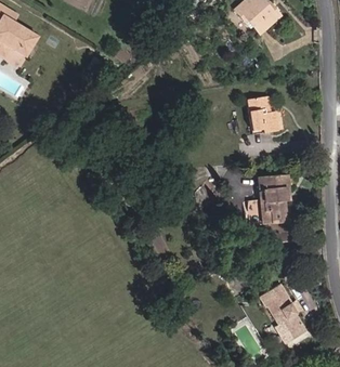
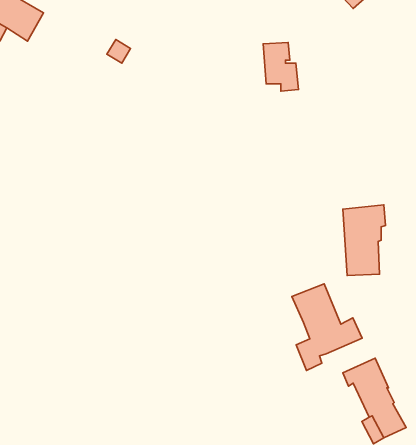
building: [249,95,275,131] -> [263,42,299,91]
building: none -> [292,284,362,371]

